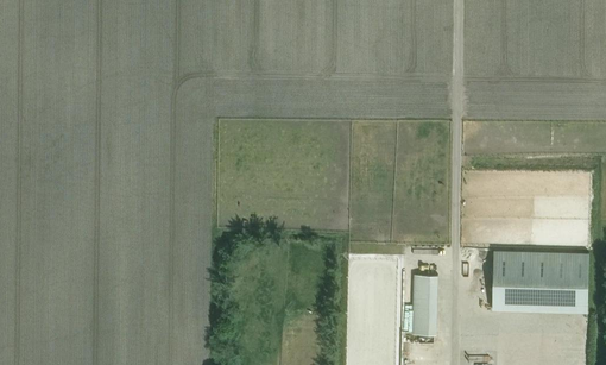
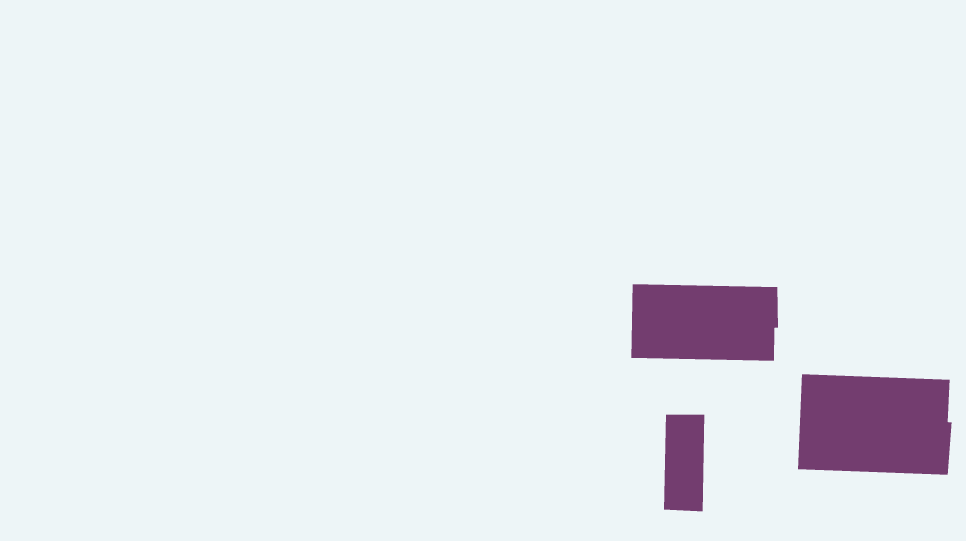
building: none -> [631,284,779,361]

